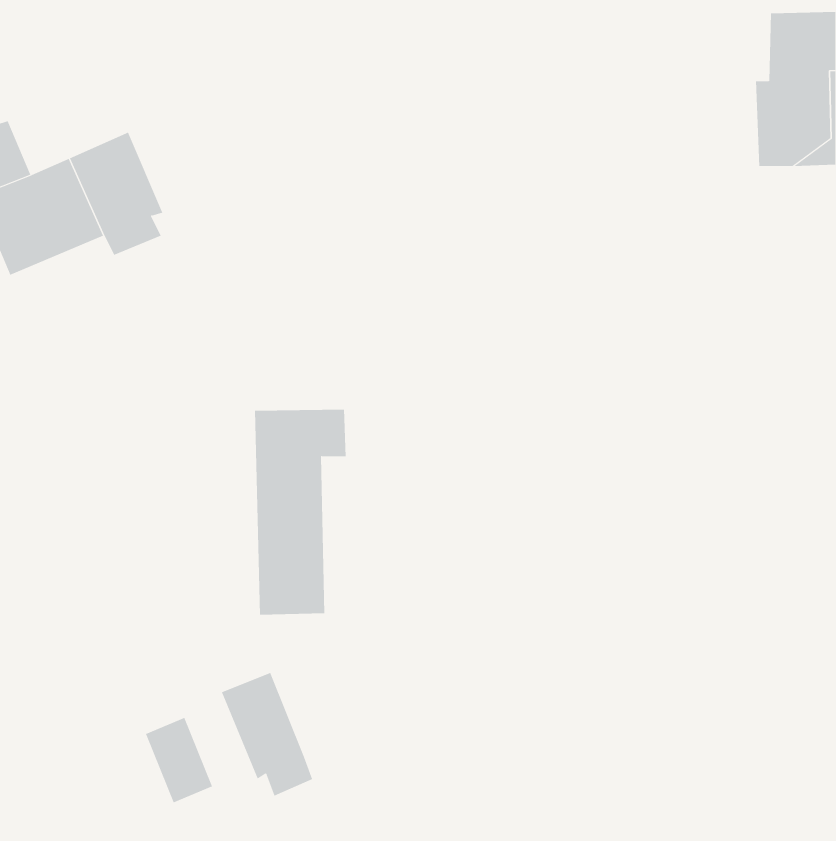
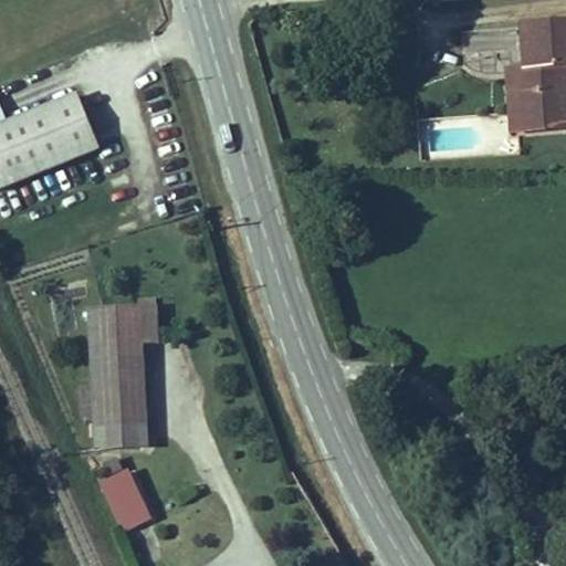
building: [254,409,346,615] -> [103,305,165,443]
building: [221,672,313,797] -> none

